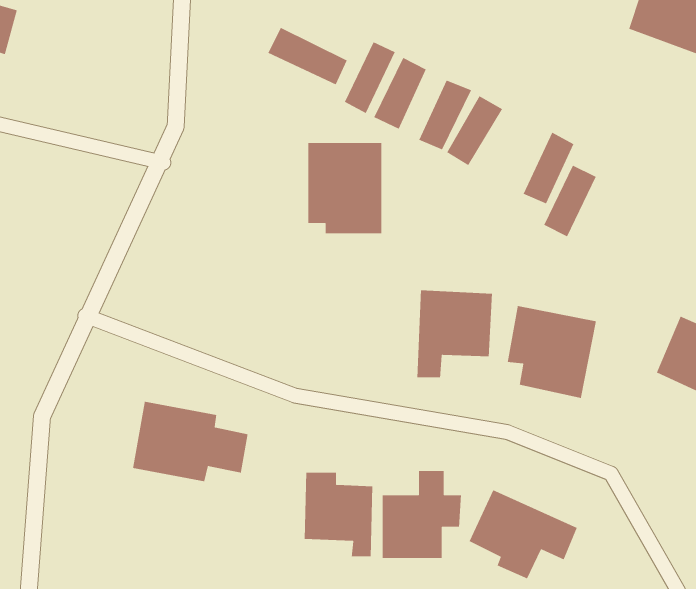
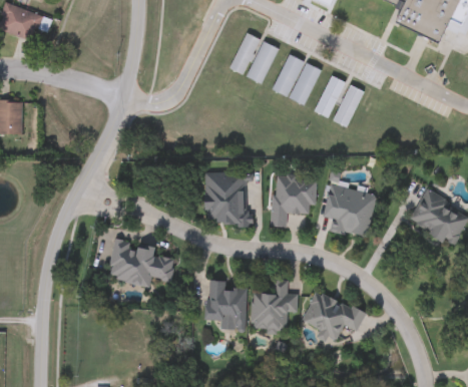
building: [267,27,348,86] -> none
building: [307,142,382,234] -> [205,171,249,225]
building: [543,164,597,237] -> [314,75,345,117]

